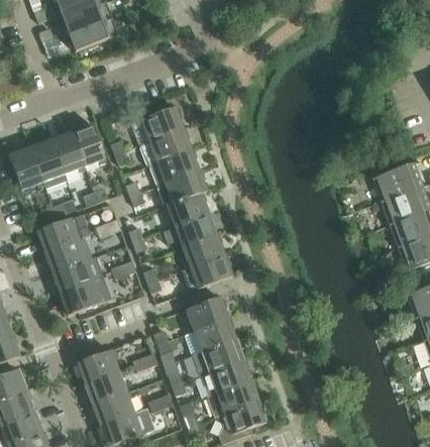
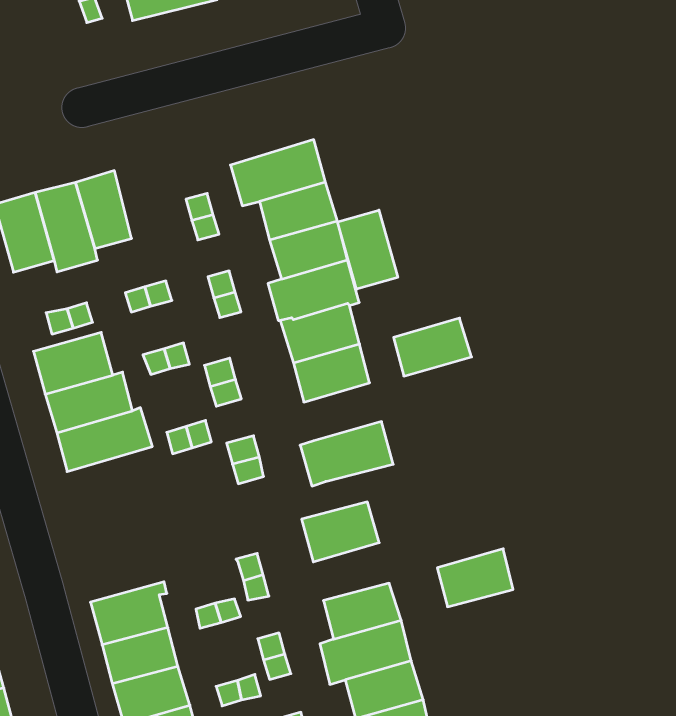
building: [71,123,105,166] -> none
building: none -> [338,210,398,289]
building: [182,233,224,266] -> [394,318,472,376]
building: [59,276,111,315] -> none
building: [194,318,235,351] -> [437,549,513,607]

